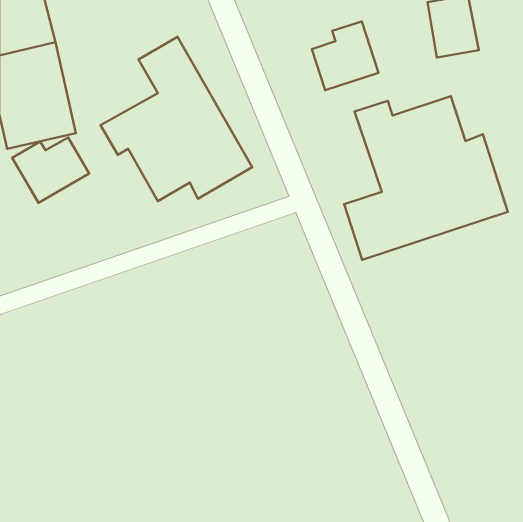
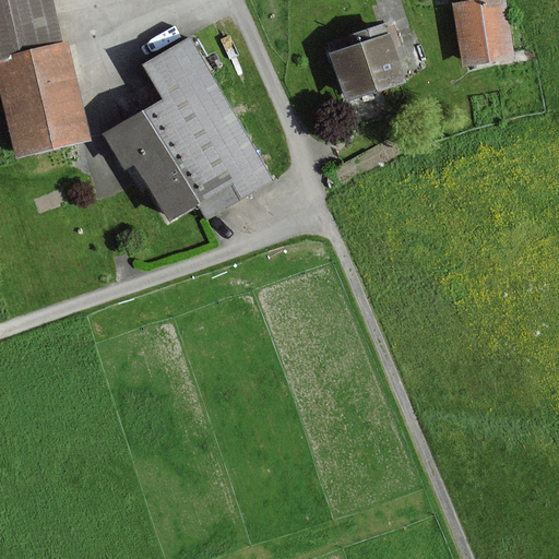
building: [344,96,508,260] -> none
building: [12,138,89,203] -> none

